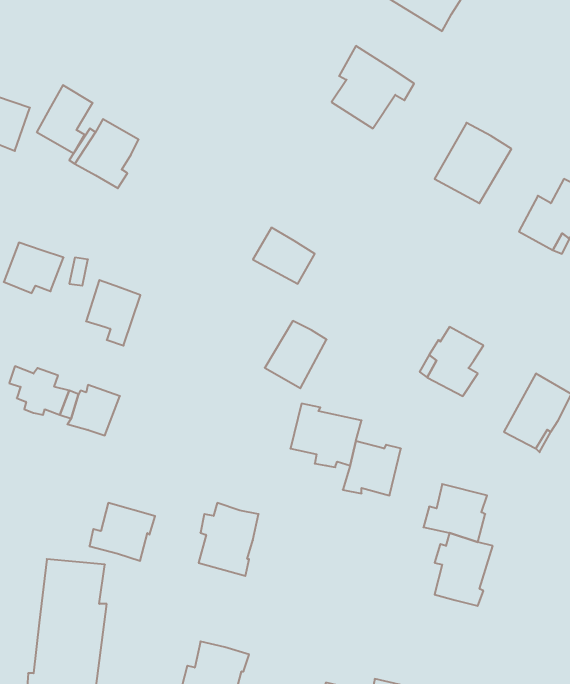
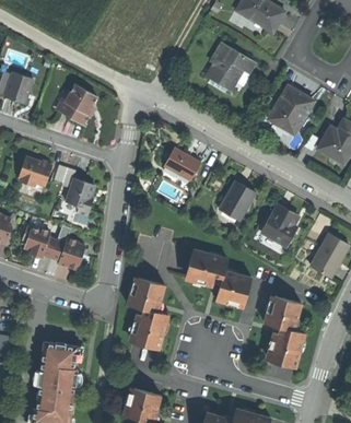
building: [37,85,93,154] -> none
building: [265,321,327,388] -> [218,181,254,221]
building: [89,503,155,561] -> [126,279,164,313]

